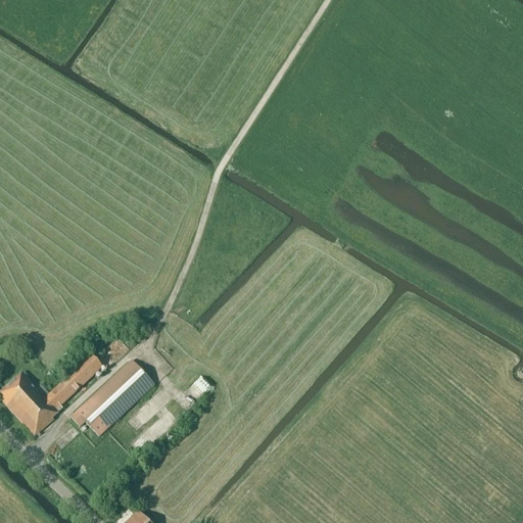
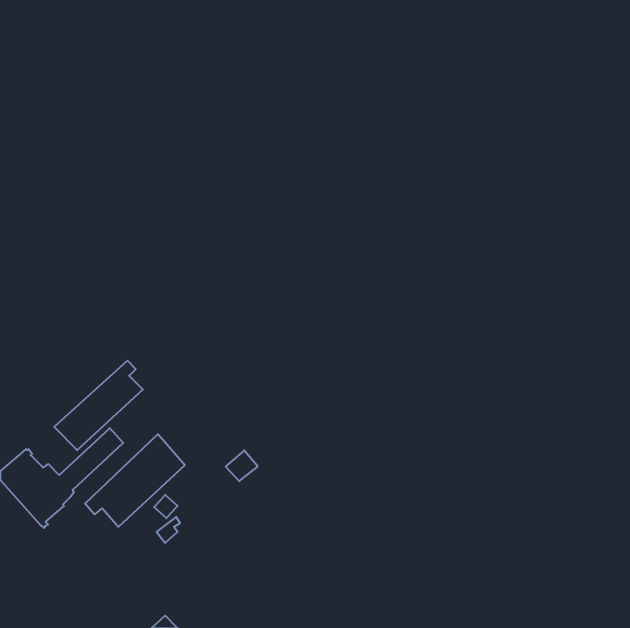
building: none -> [54,361,143,450]

